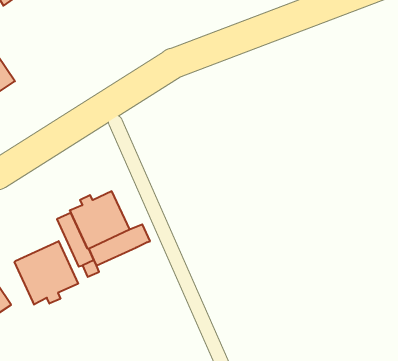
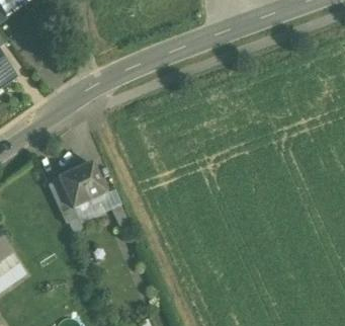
building: [15,241,78,305] -> none

